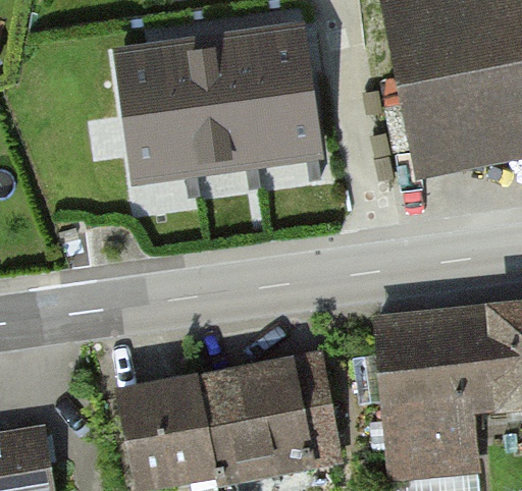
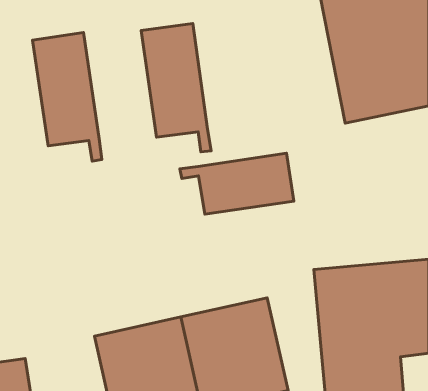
building: [234,21,317,174] -> none
building: [113,39,195,190] -> [33,32,102,161]
building: none -> [180,153,294,214]

